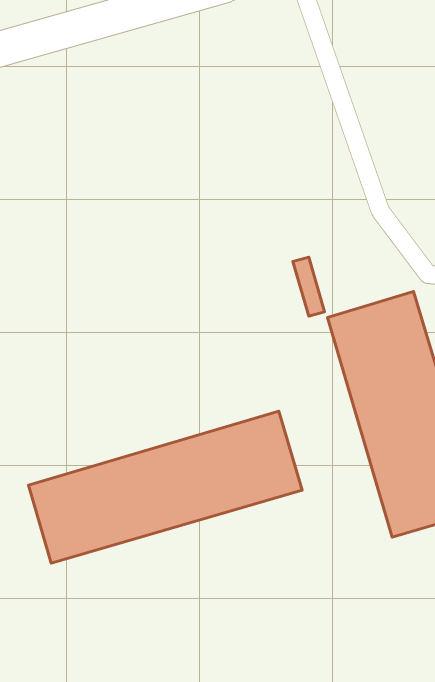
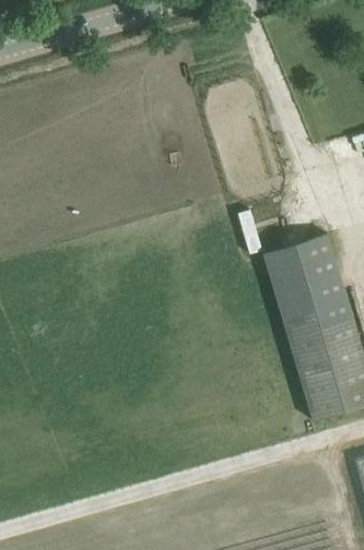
building: [28,411,302,563] -> none

